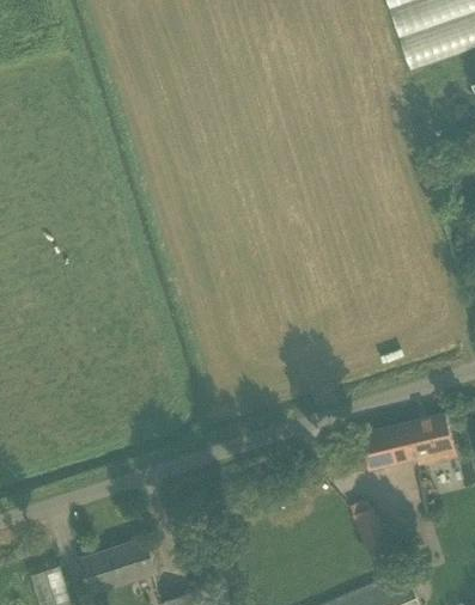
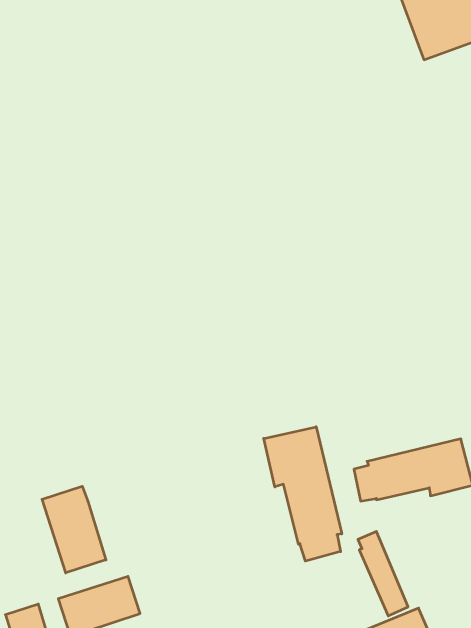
building: none -> [264,427,342,561]
building: none -> [42,486,106,573]

